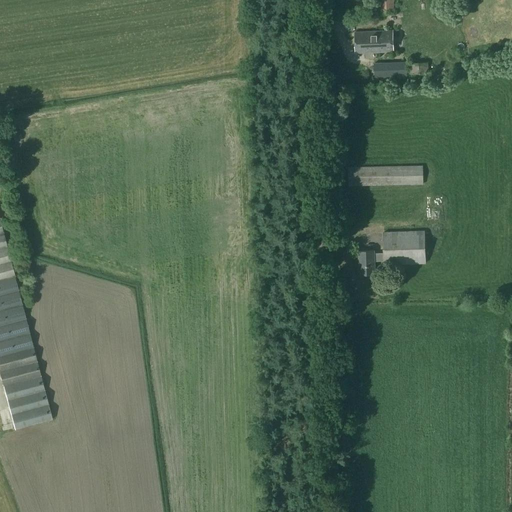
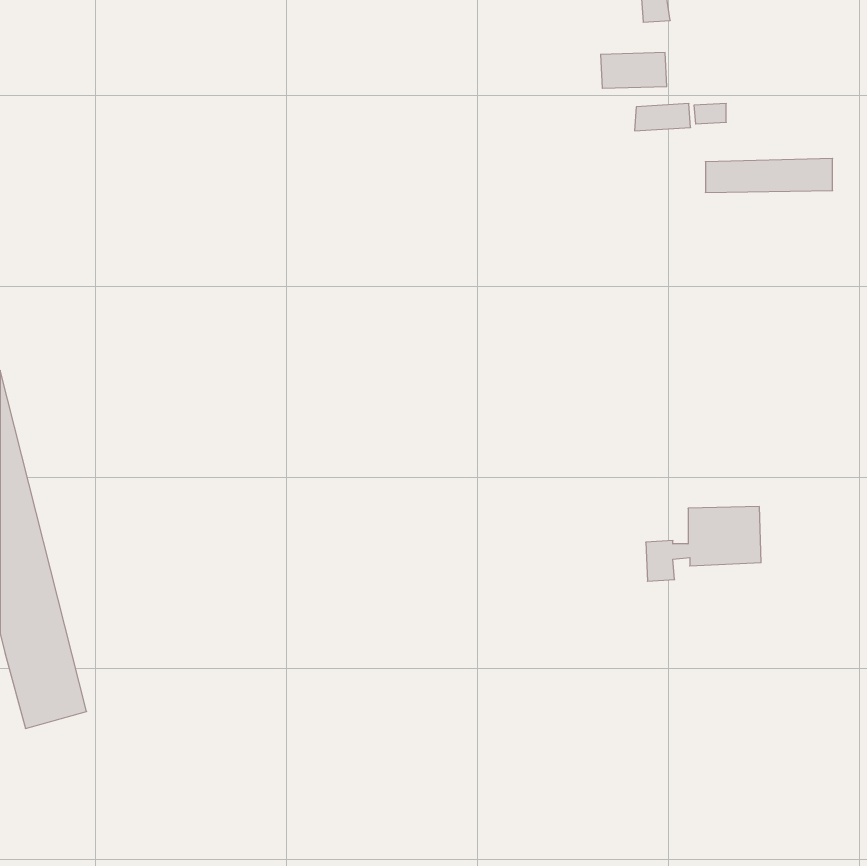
building: [348,165,423,185] -> [705,158,833,192]
building: [358,230,426,274] -> [646,507,761,581]

